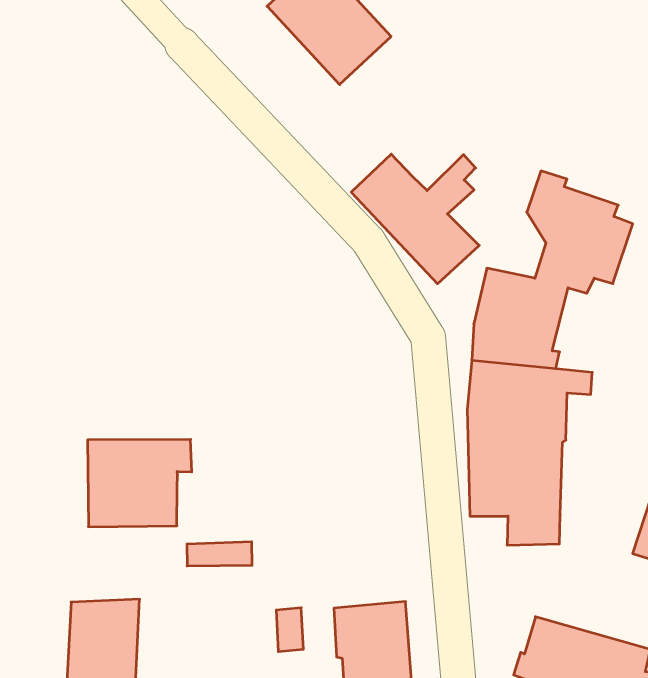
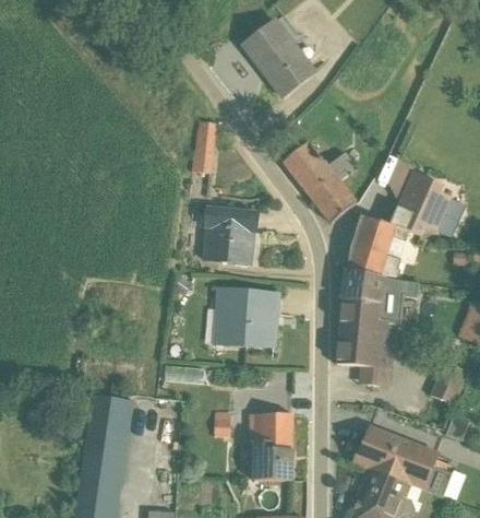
building: none -> [194,122,216,175]
building: none -> [204,209,259,266]
building: [88,439,192,527] -> [212,290,278,346]

